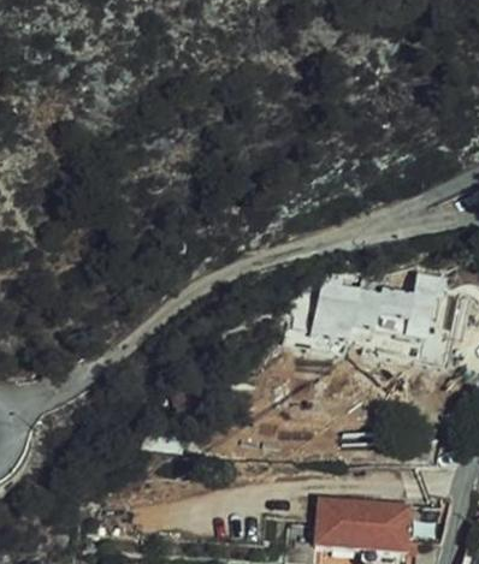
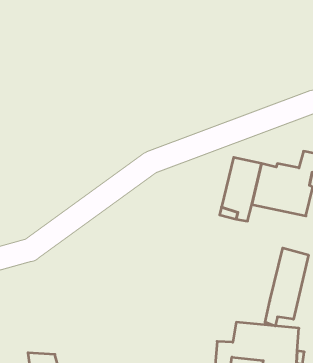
building: none -> [265,248,308,326]

